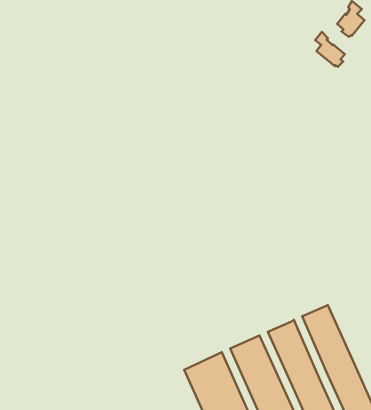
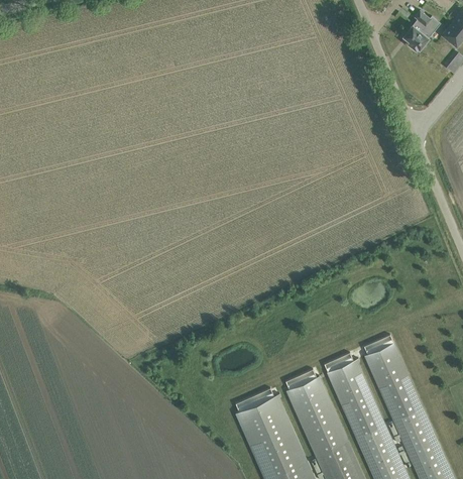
building: [315,32,345,67] -> none

